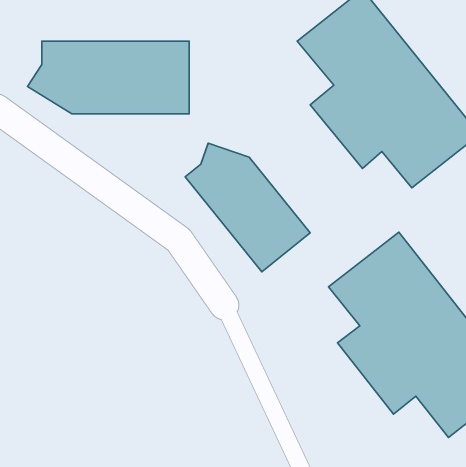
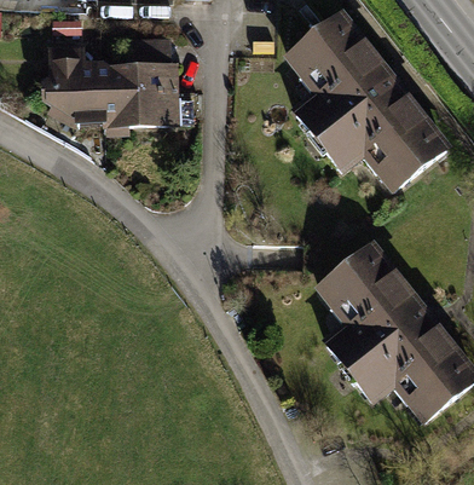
building: [185,143,310,272] -> none

